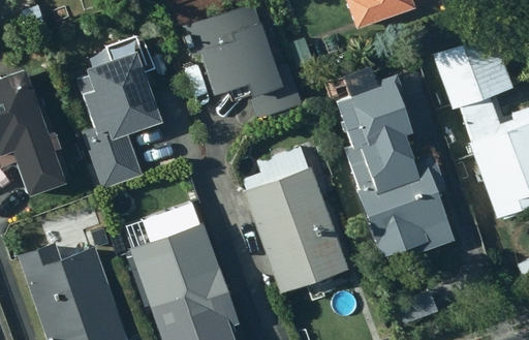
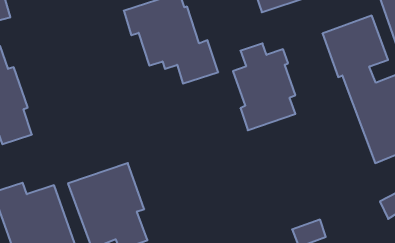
building: [79,43,164,189] -> none
building: [244,144,350,292] -> none
building: [340,150,441,259] -> none

